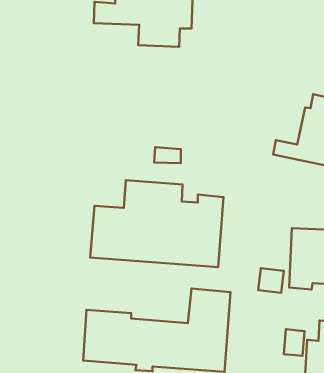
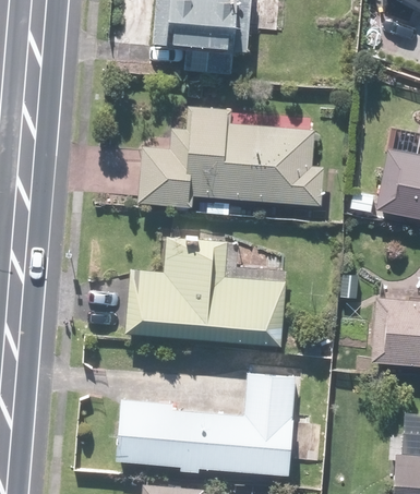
building: none -> [140,108,325,207]

